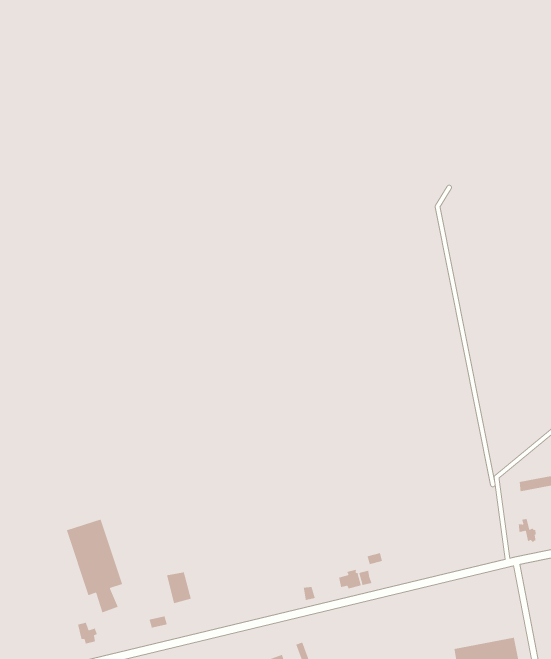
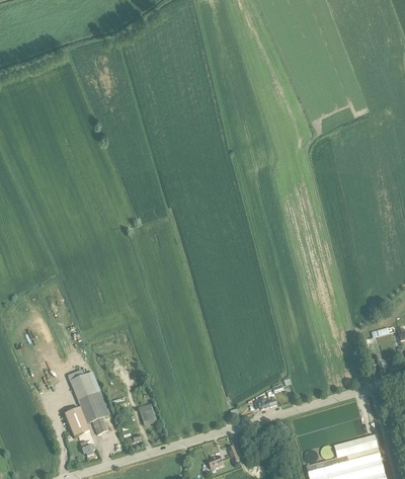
building: none -> [65,408,90,438]

